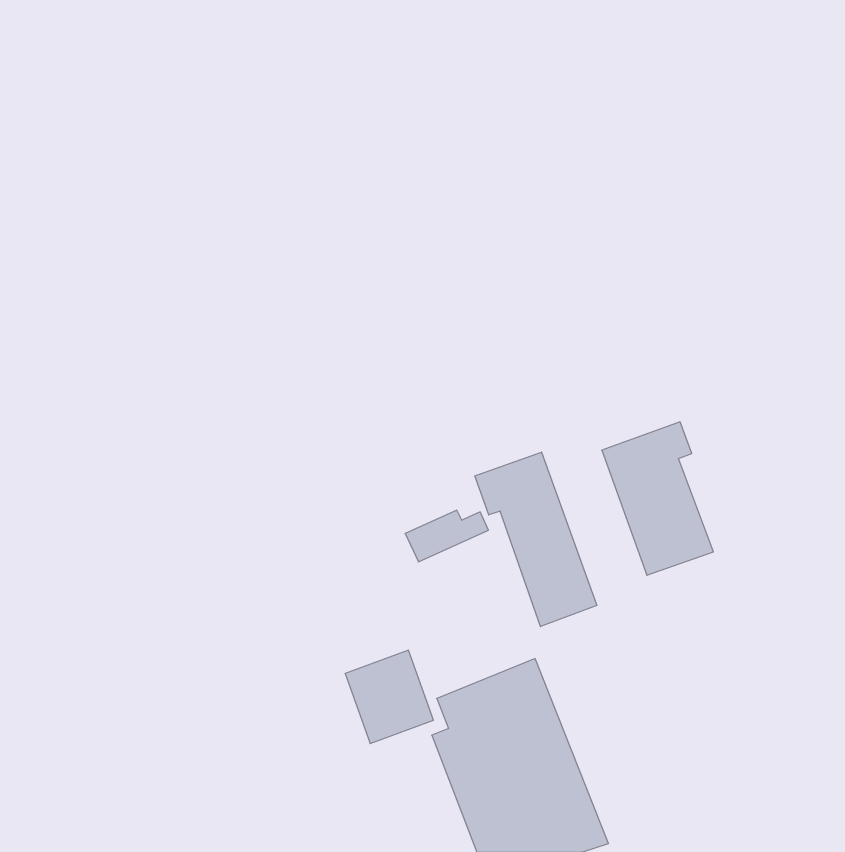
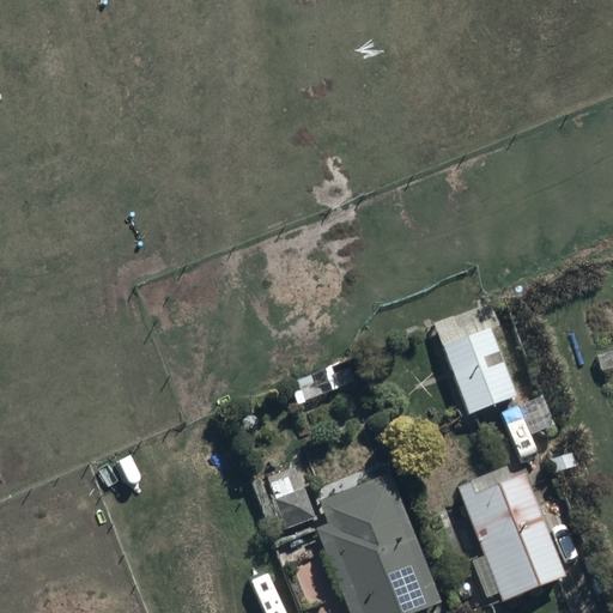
building: [475,452,597,627] -> none
building: none -> [457,475,562,602]

